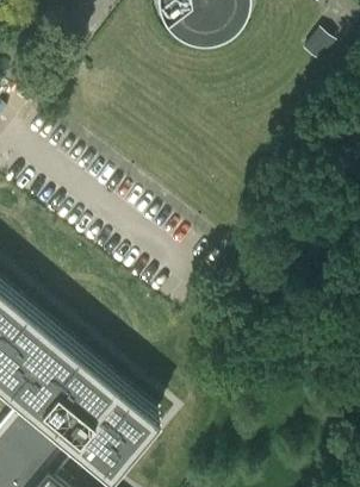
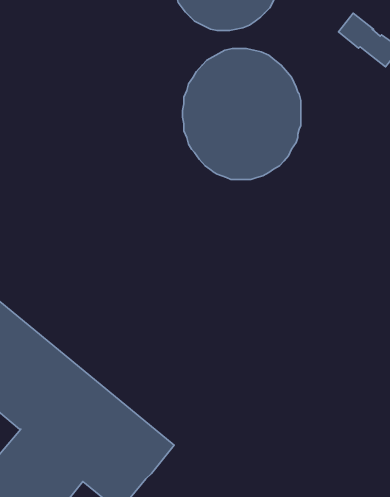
building: none -> [182,48,301,179]

